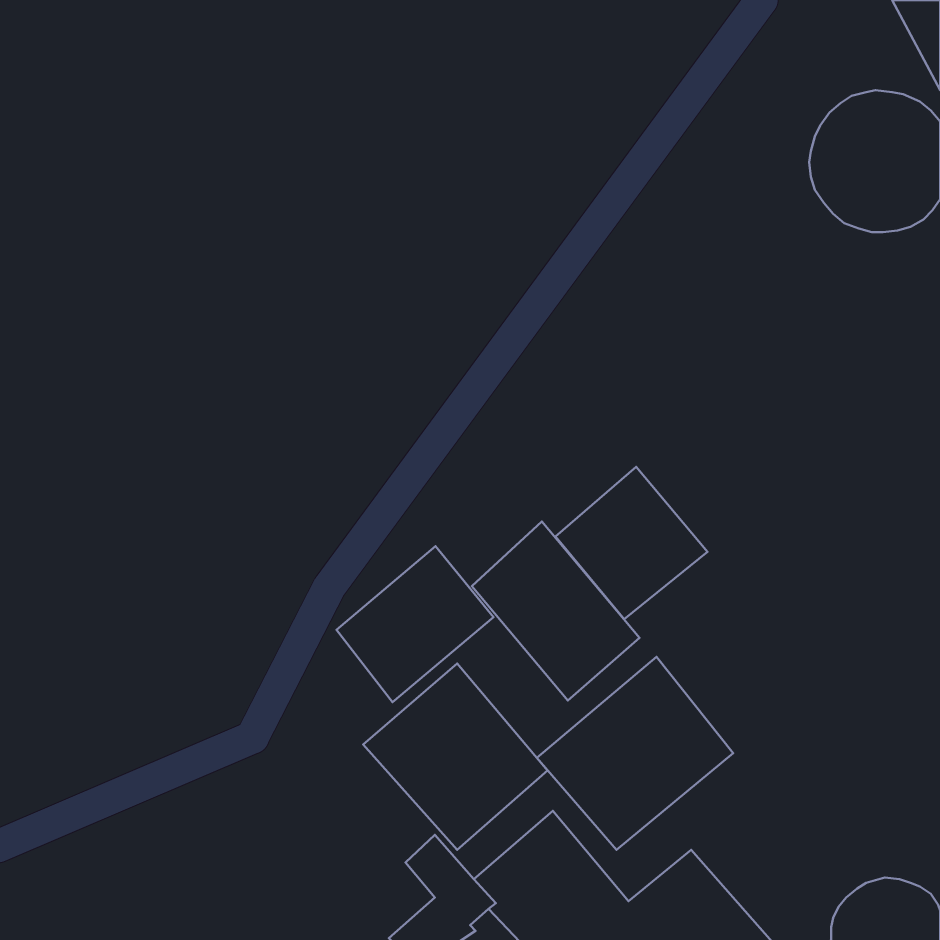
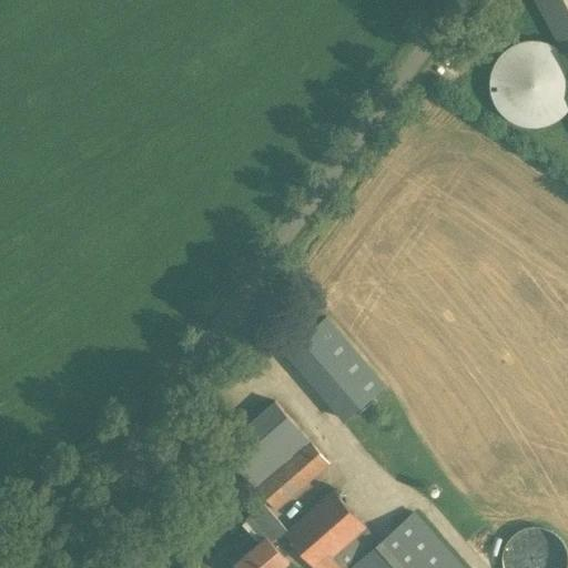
building: [555,467,708,619] -> none
building: [337,546,494,702] -> none
building: [537,657,733,850] -> none

